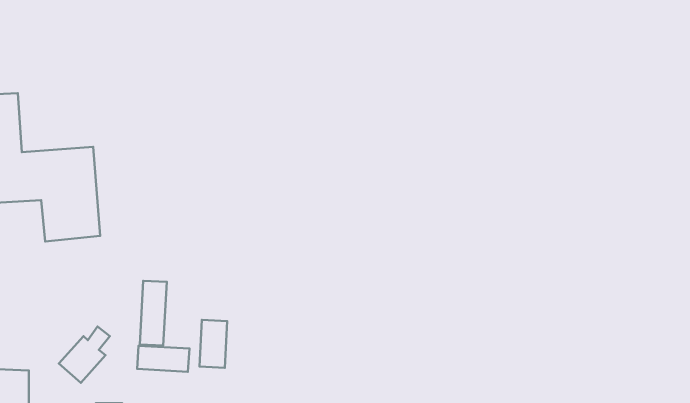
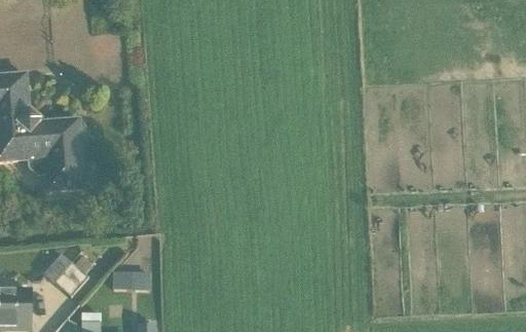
building: [140,281,167,346] -> none
building: [199,320,227,368] -> none

